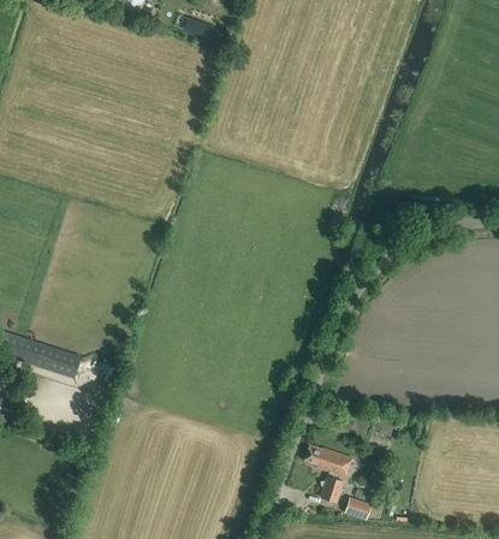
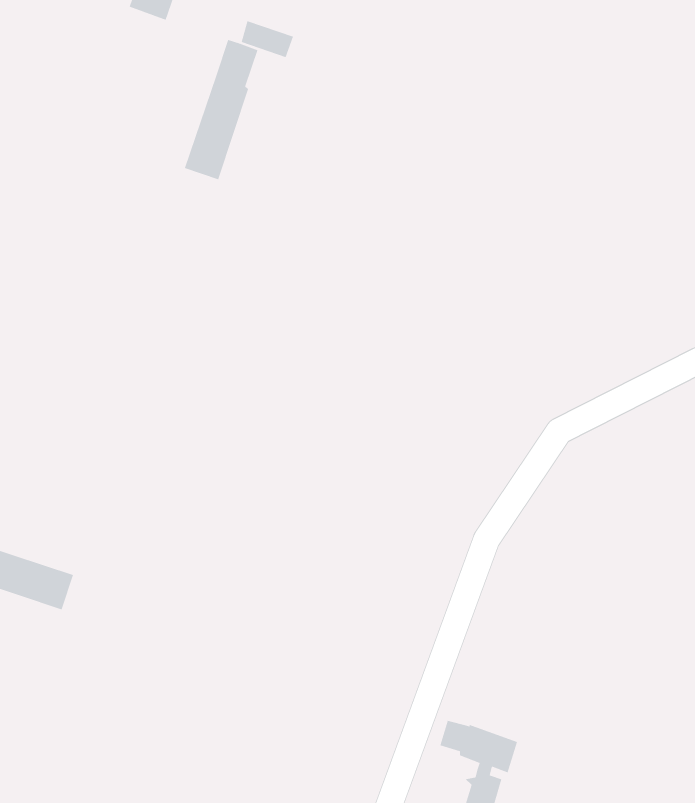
building: none -> [184,39,258,180]

